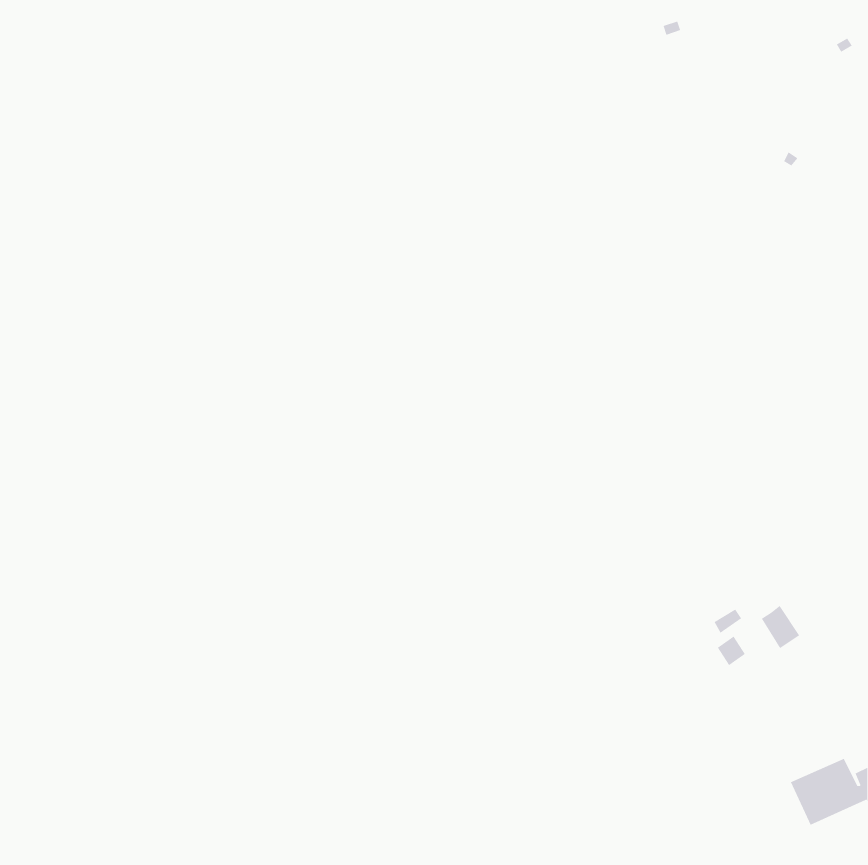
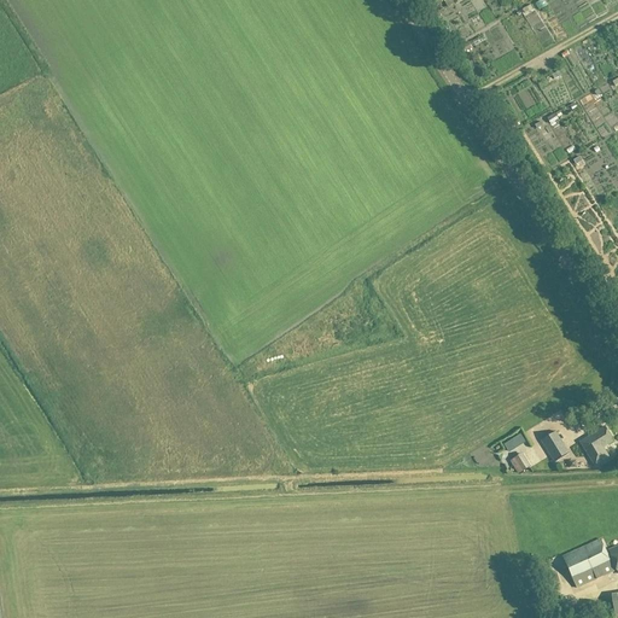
building: none -> [579,425,612,465]

